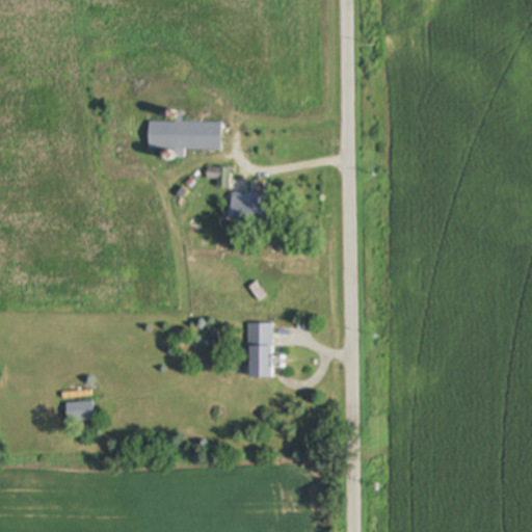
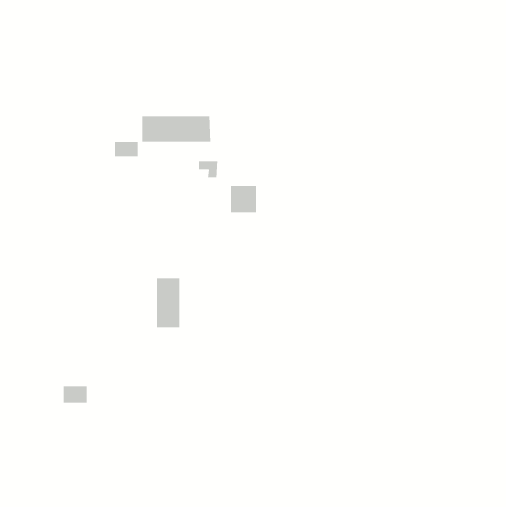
building: none -> [114,141,138,157]
building: [246,322,271,375] -> [156,277,180,328]

